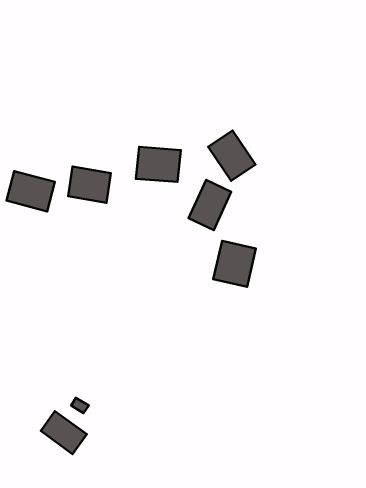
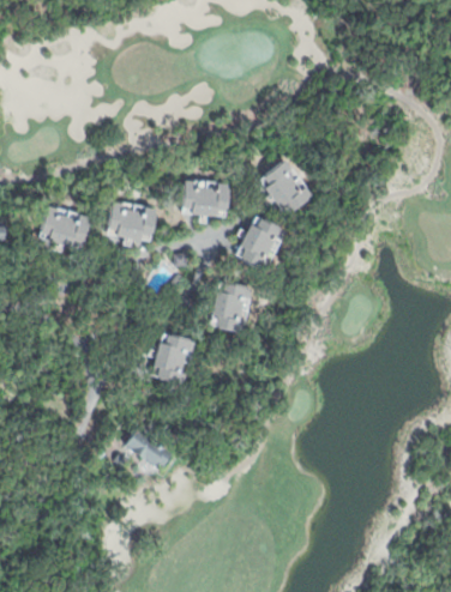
building: [213,241,256,287] -> [206,283,253,333]
building: none -> [149,331,197,387]
building: [41,411,87,454] -> [122,424,173,471]

